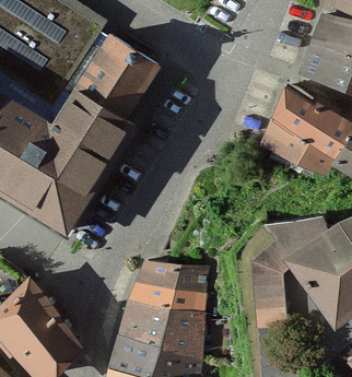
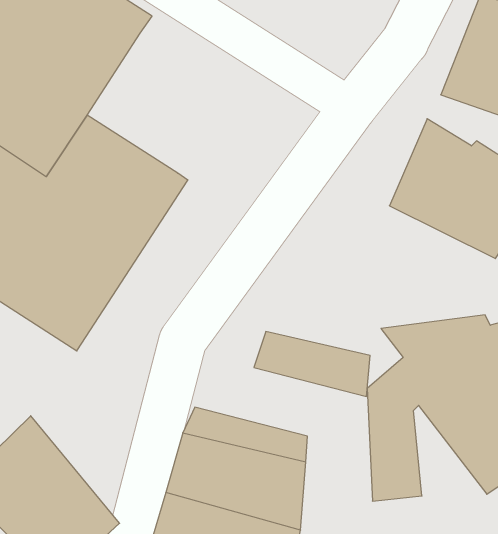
building: [68,35,160,125] -> none
building: [137,251,211,293] -> [254,332,370,396]

